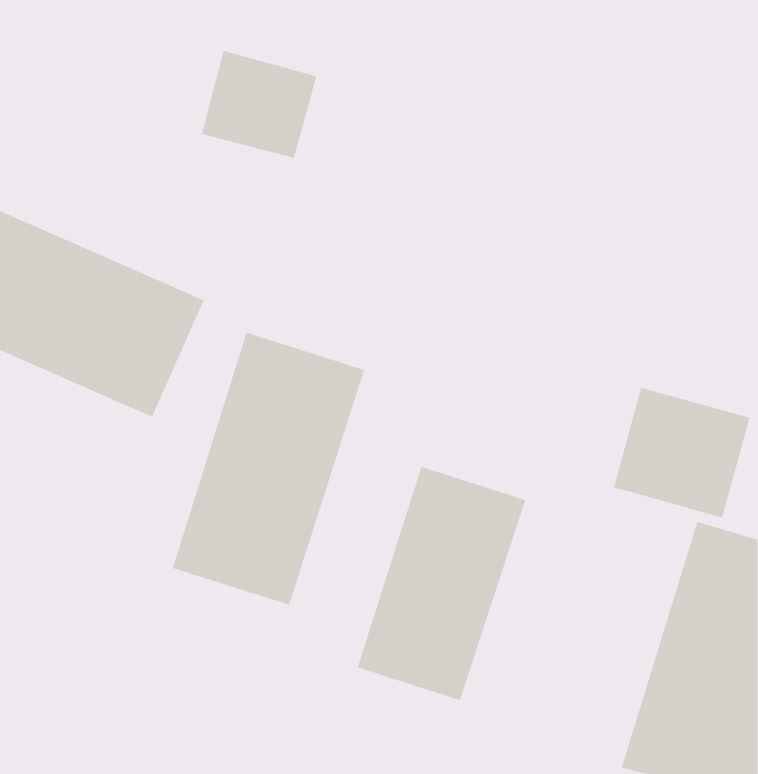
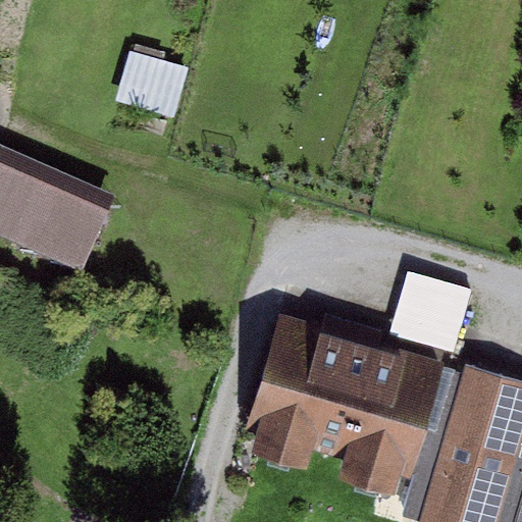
building: [172,332,365,605] -> none
building: none -> [308,337,421,494]

